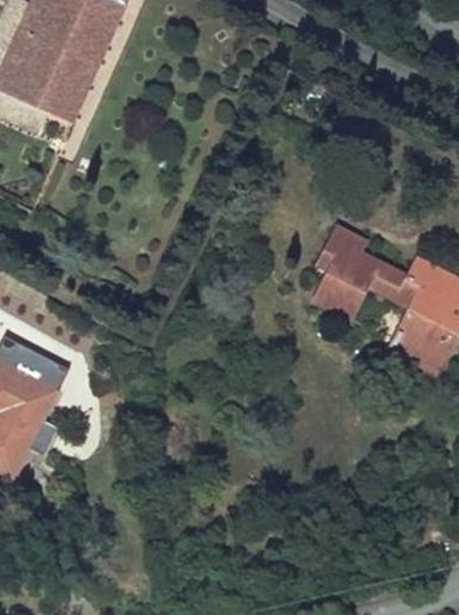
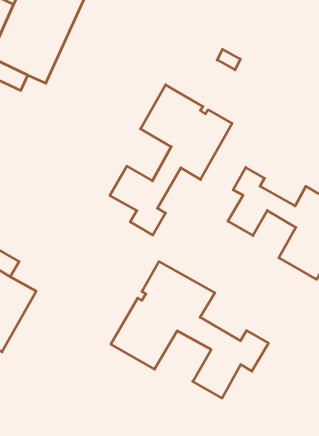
building: none -> [110,85,232,235]
building: none -> [111,262,268,398]

